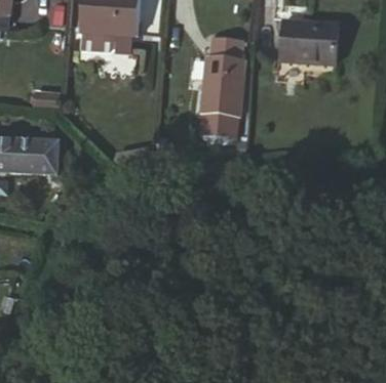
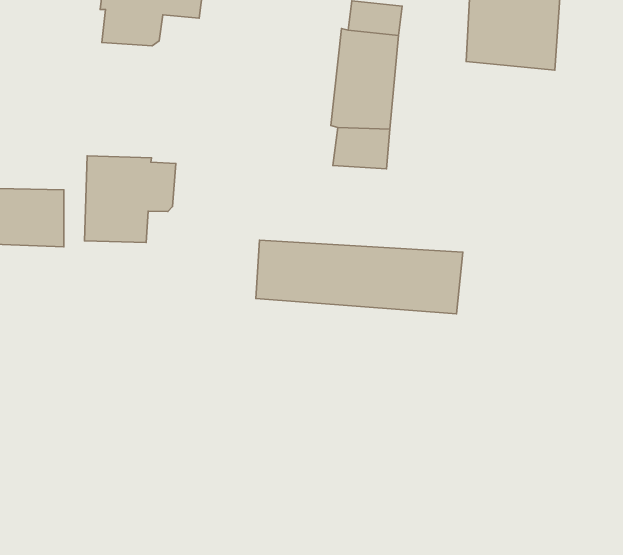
building: none -> [84,156,176,242]
building: none -> [256,240,463,314]

